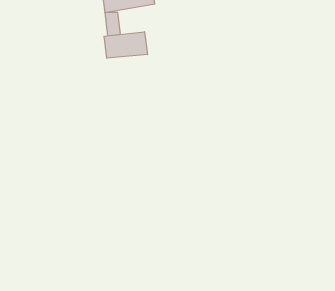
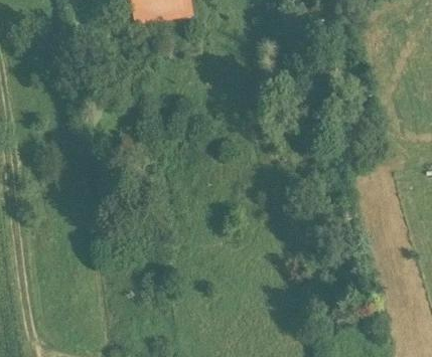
building: [104,32,147,58] -> none

